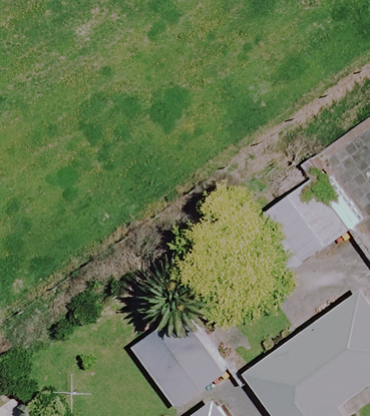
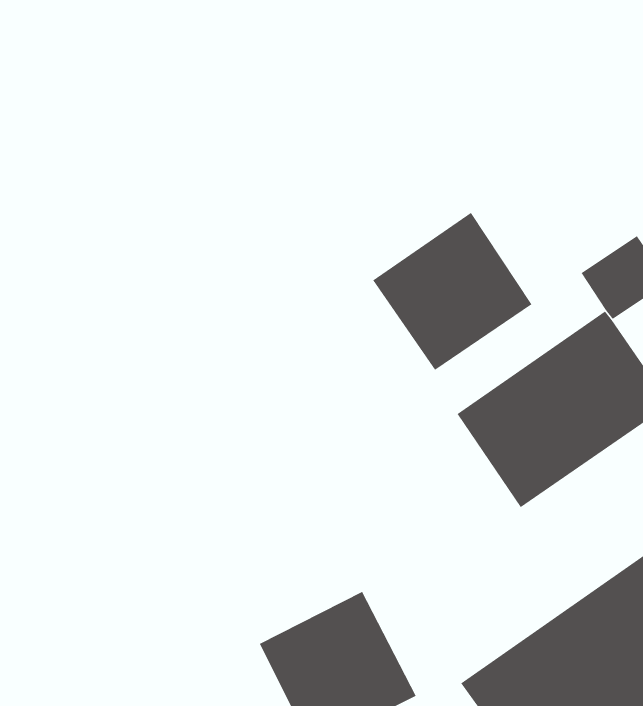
building: none -> [372,212,533,371]

